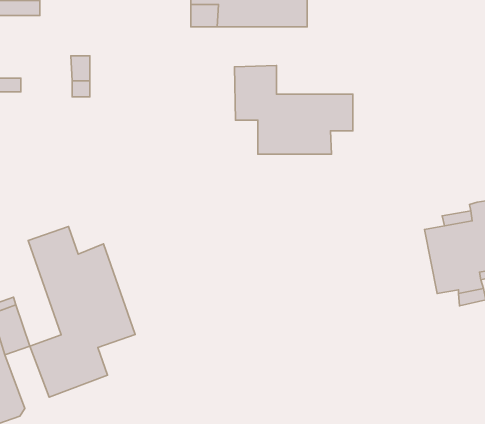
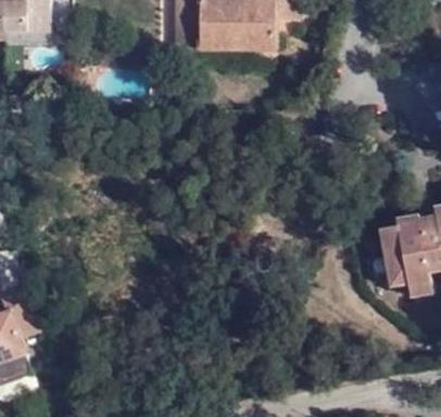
building: [235,66,353,154] -> none
building: [28,226,135,397] -> none

